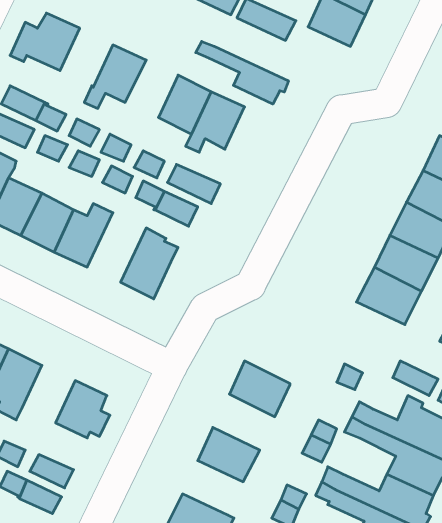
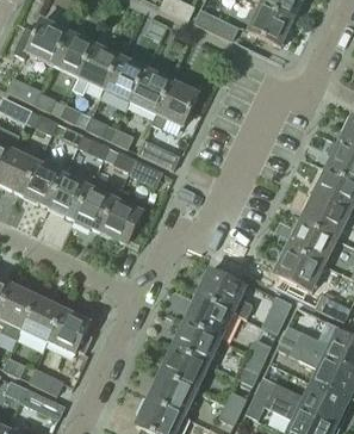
building: none -> [52,31,94,78]
building: [196,41,288,104] -> none
building: none -> [104,56,145,101]
building: none -> [74,176,120,231]
building: none -> [274,247,324,291]
building: none -> [198,268,251,317]
building: none -> [23,297,64,342]
building: none -> [173,320,222,364]
building: none -> [149,372,197,415]

